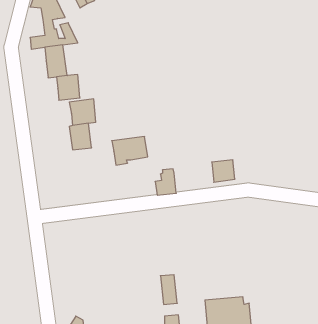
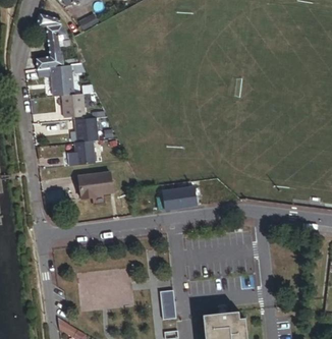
building: [112,137,148,165] -> [77,174,112,202]
building: [212,160,235,182] -> [173,186,196,208]

